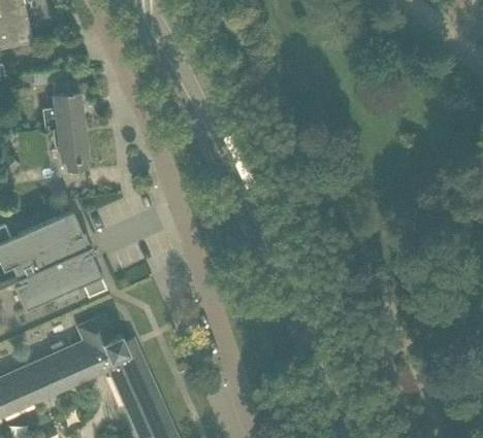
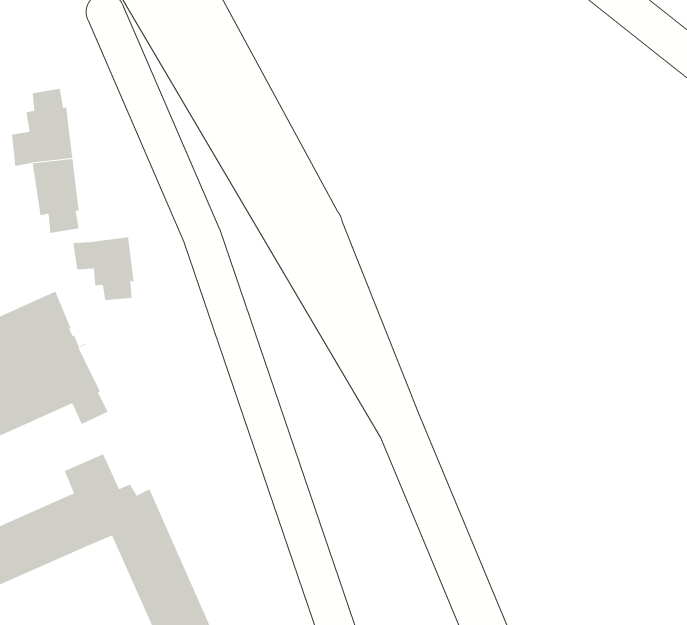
building: none -> [73,237,134,301]

